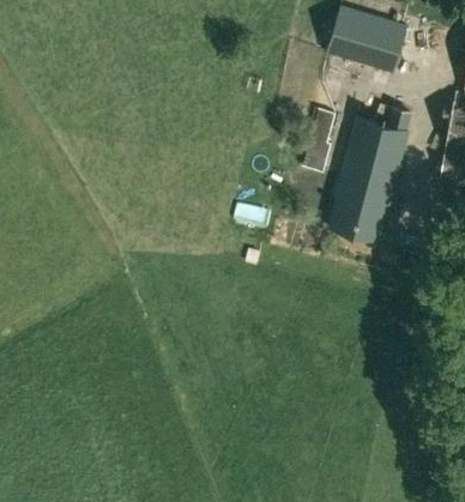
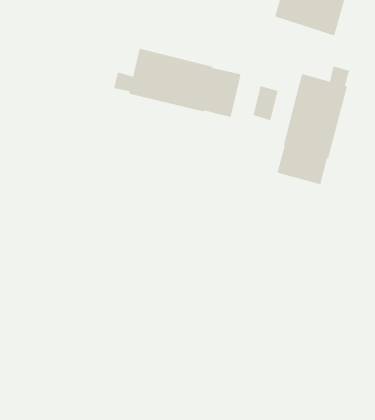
building: none -> [113,48,241,118]

